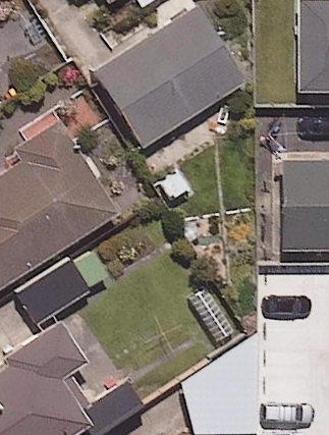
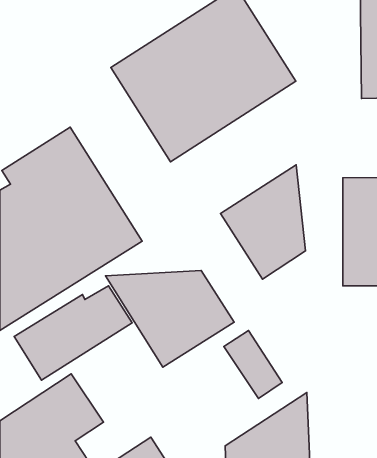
building: none -> [220,165,305,279]
building: none -> [105,271,234,367]

